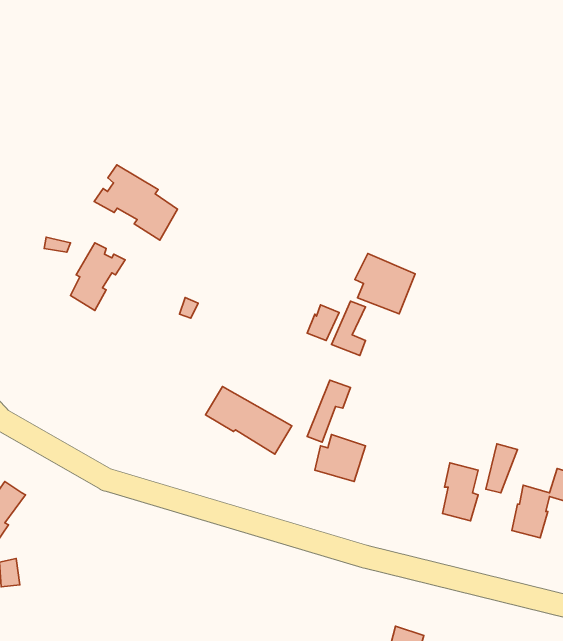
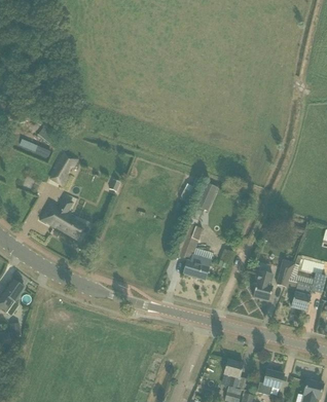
building: [94,165,177,240] -> none
building: [355,254,415,314] -> none
building: [205,387,292,454] -> [39,204,86,241]

